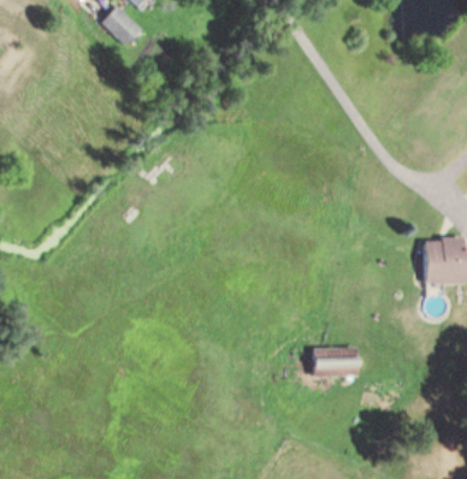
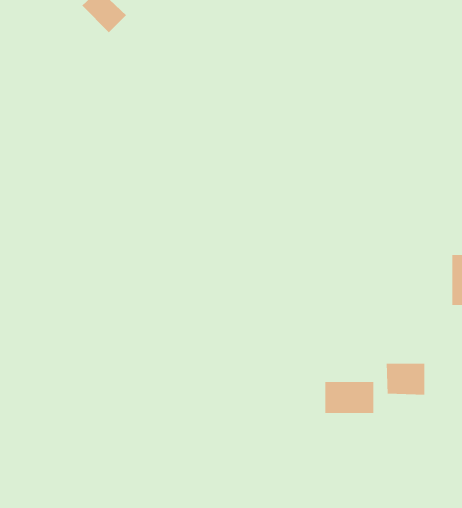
building: none -> [386,363,425,395]

